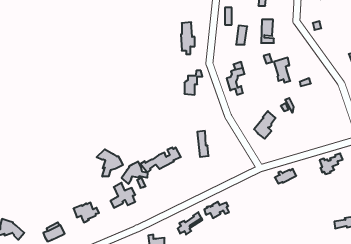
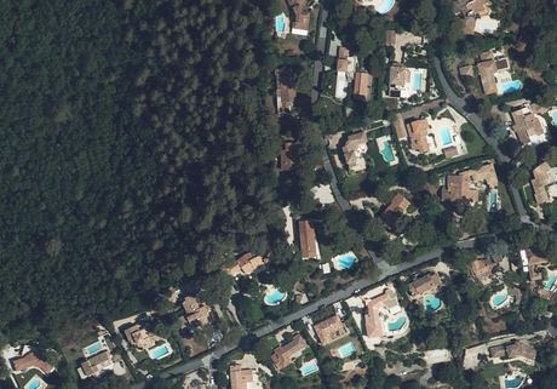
building: none -> [480,53,505,93]
building: none -> [441,173,473,208]
building: [97,149,123,177] -> none
building: [122,161,148,184] -> none
building: none -> [366,288,398,337]

